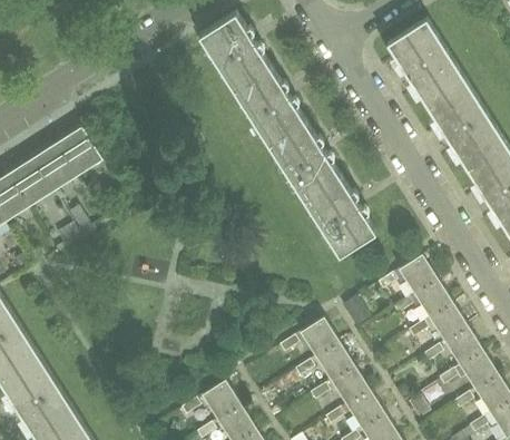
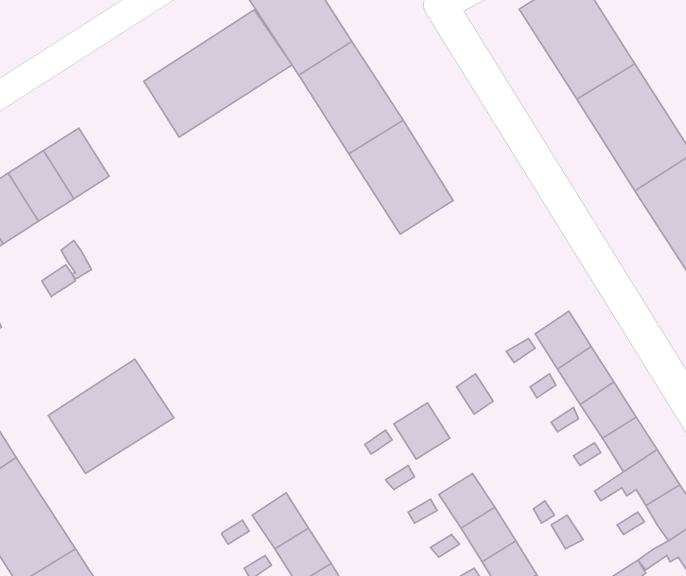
building: none -> [144,10,292,137]
building: [304,178,376,256] -> none
building: none -> [48,359,174,473]
building: [315,343,354,382] -> none

